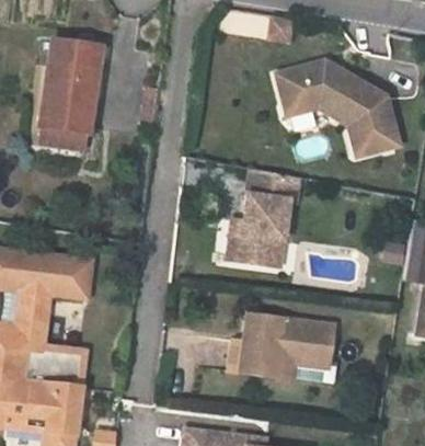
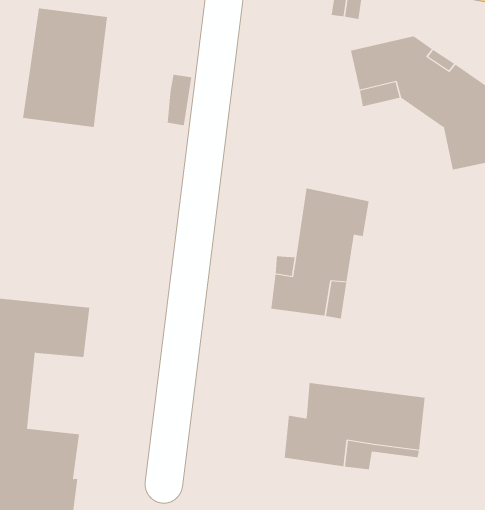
building: [38,118,93,150] -> none

